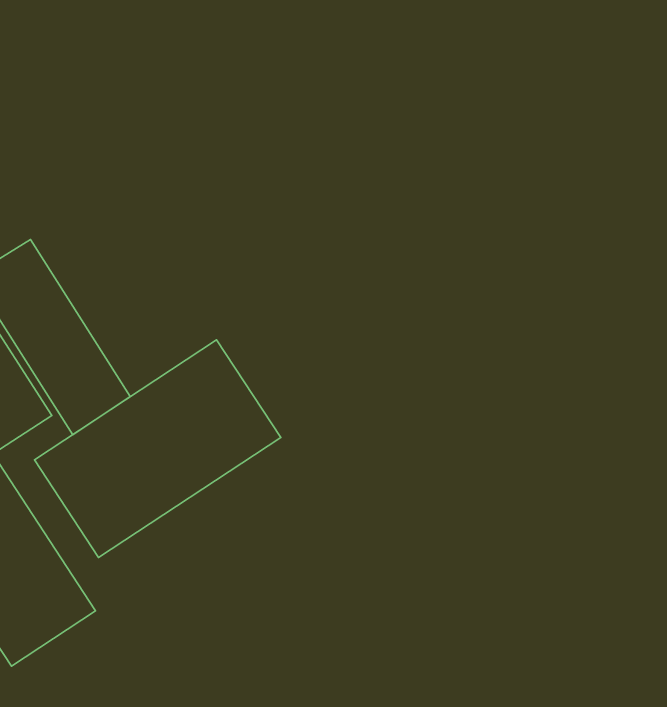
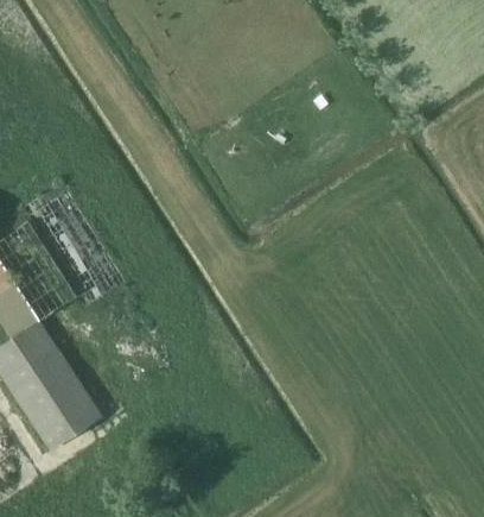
building: [34,340,281,558] -> none

